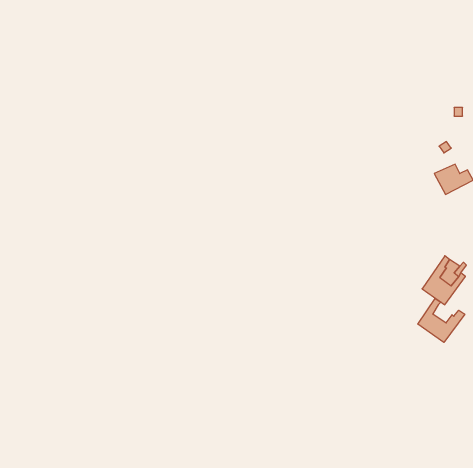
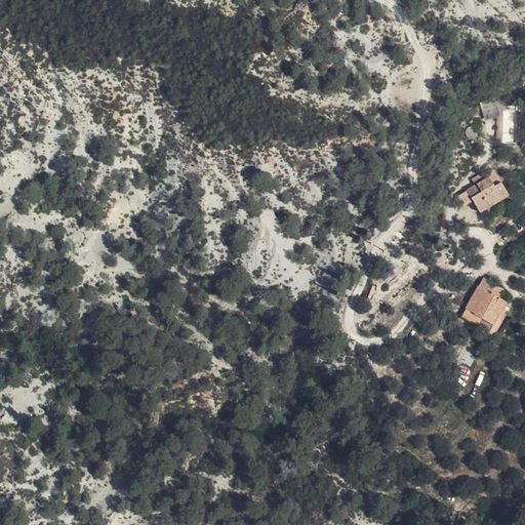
building: [418,298,465,342] -> none

